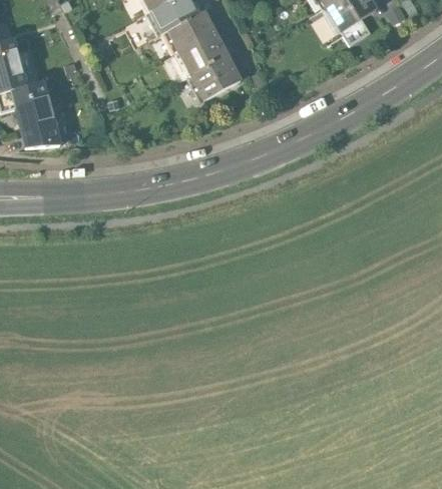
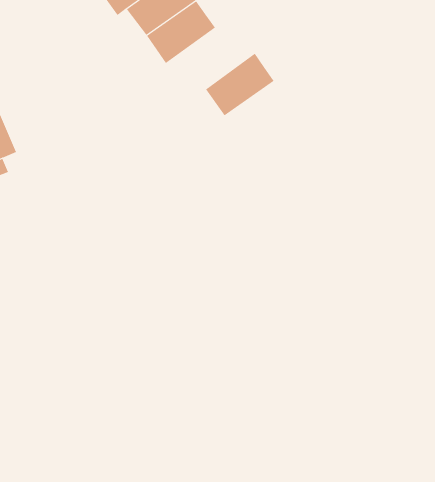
building: [189,53,247,100] -> [205,53,275,116]

